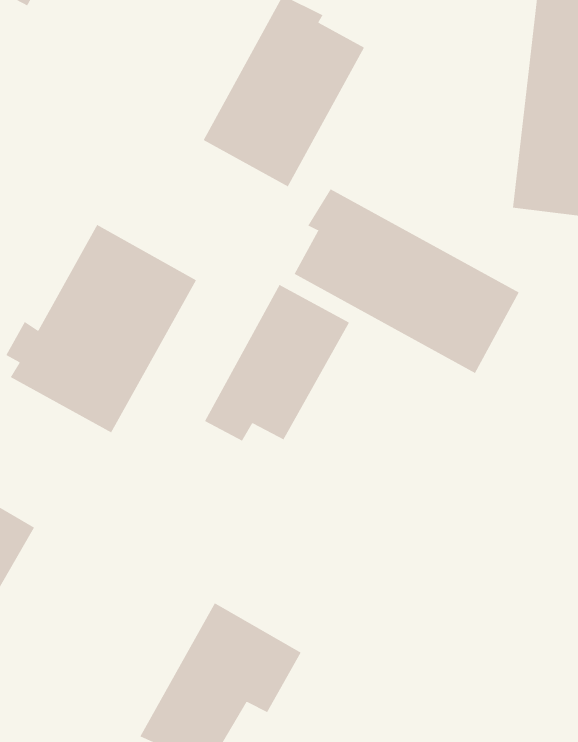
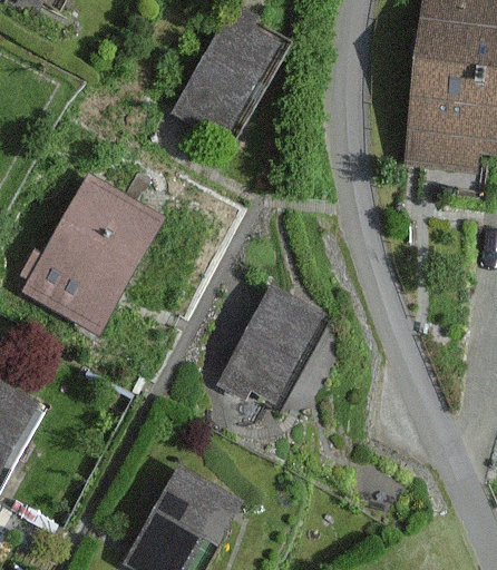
building: [294,188,519,374] -> none
building: [204,284,350,442] -> [214,284,324,403]

